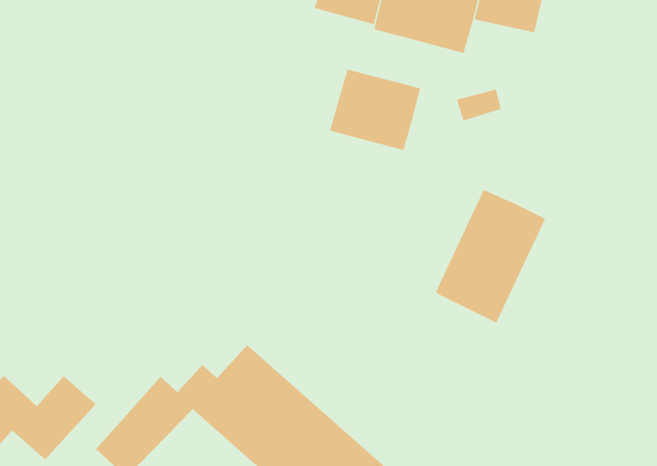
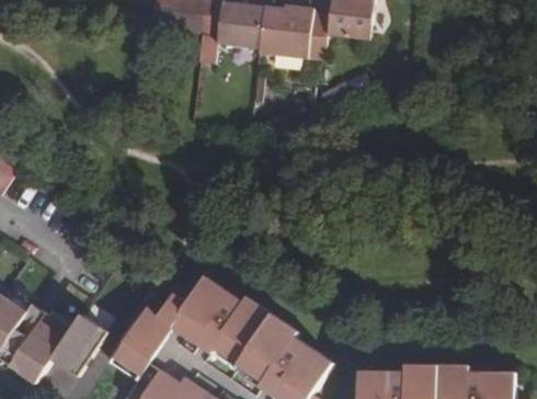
building: [330,69,421,151] -> none
building: [435,189,546,324] -> none

